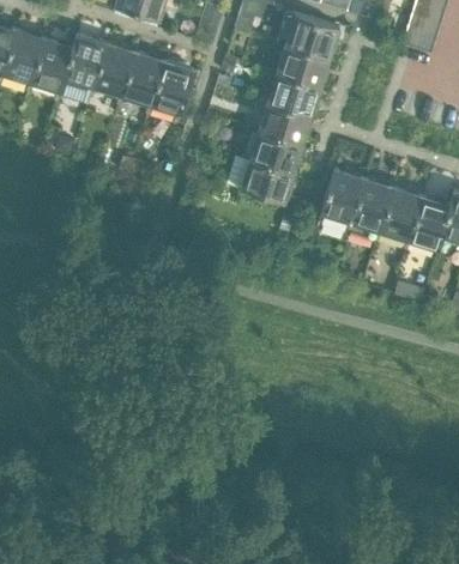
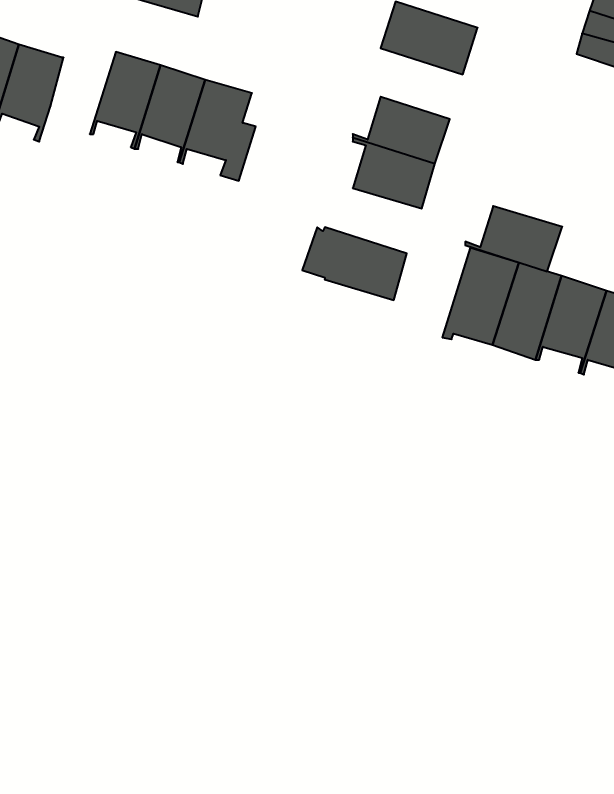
building: [64,34,105,96] -> none
building: [274,41,328,86] -> none
building: [240,131,302,172] -> [465,206,562,271]

